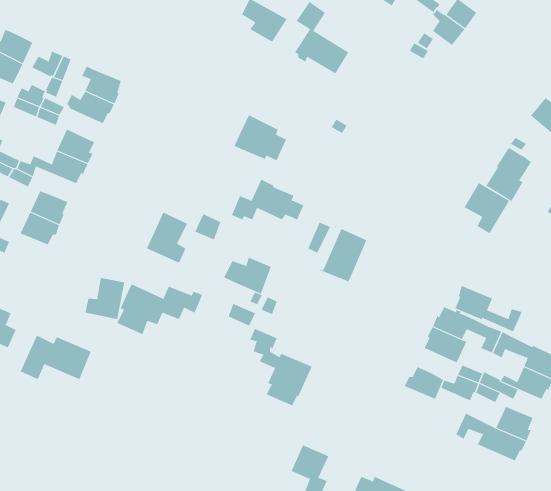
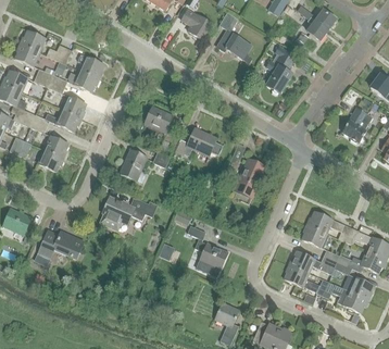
building: none -> [265,45,297,94]
building: [234,115,287,161] -> [143,103,178,134]
building: [464,182,510,234] -> none
building: [223,257,272,294] -> none
building: [85,277,125,320] -> none
building: [454,285,523,333] -> [284,263,328,295]

